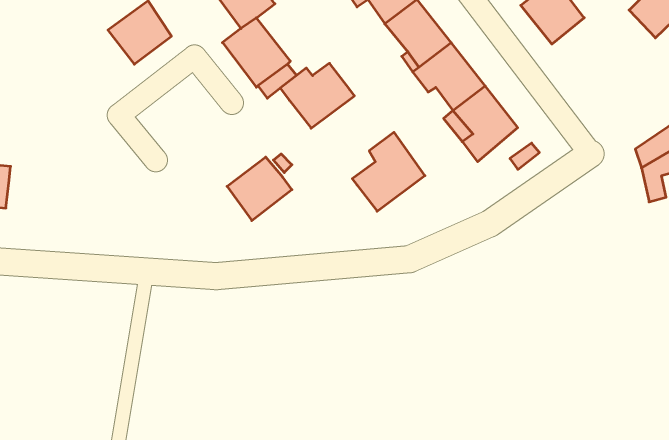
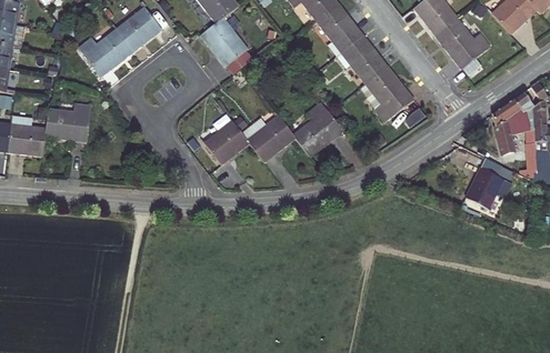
building: none -> [436,18,492,71]
building: none -> [78,27,136,78]
building: [280,63,354,128] -> [242,114,296,161]
building: none -> [46,99,94,140]
building: none -> [470,153,507,204]

